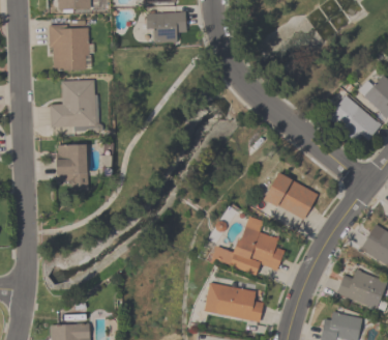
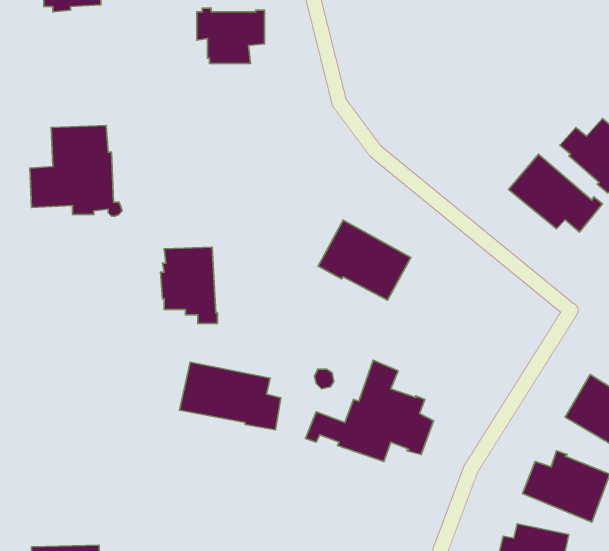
building: [50,24,90,70] -> none
building: [56,144,89,189] -> [161,247,218,324]
building: [264,172,318,219] -> [318,220,411,300]
building: [204,282,263,321] -> [179,362,281,430]

